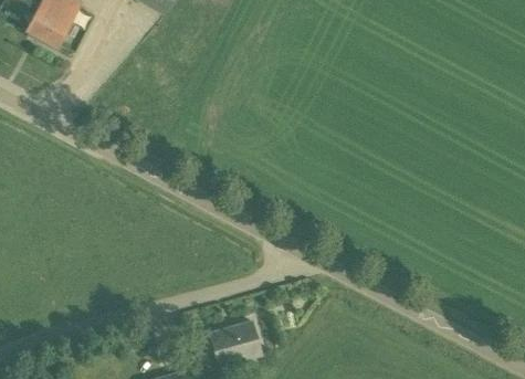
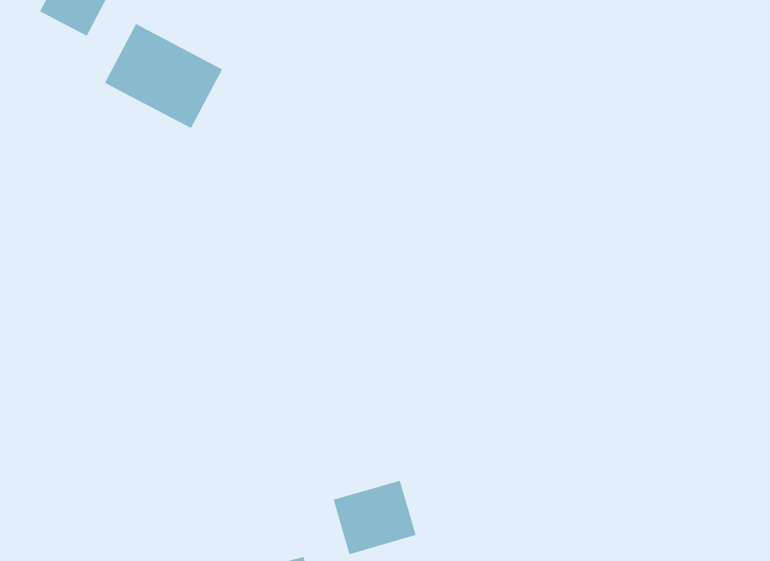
building: none -> [104,23,223,129]

